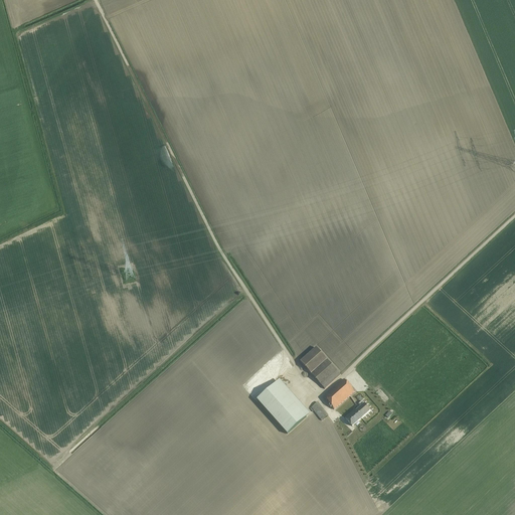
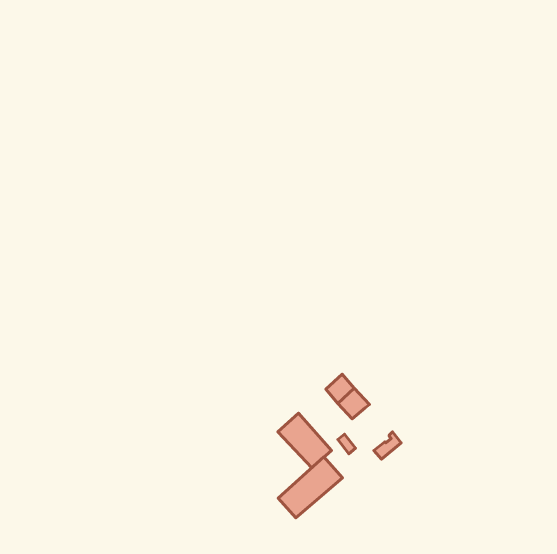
building: [324,377,355,407] -> none
building: none -> [278,457,343,518]

